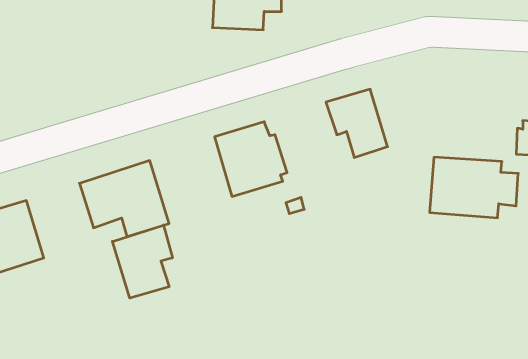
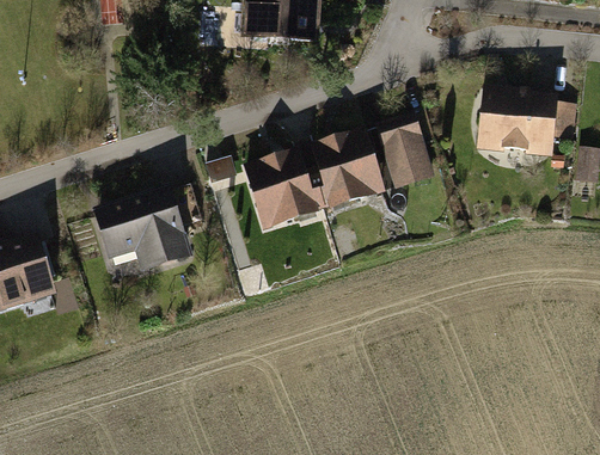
building: none -> [308,124,385,207]
building: [430,157,518,218] -> [478,84,576,150]
building: [112,225,172,298] -> none

